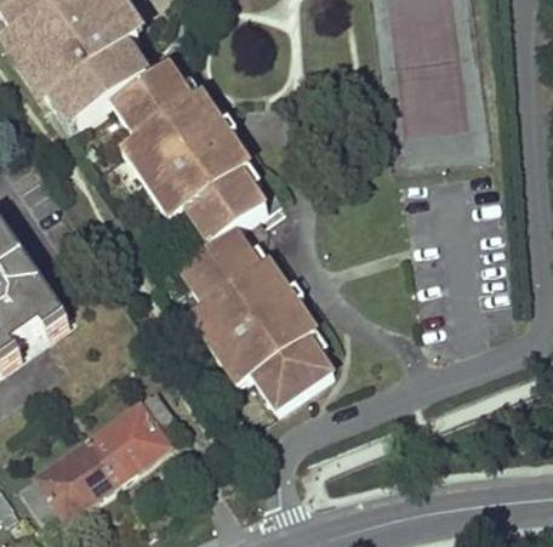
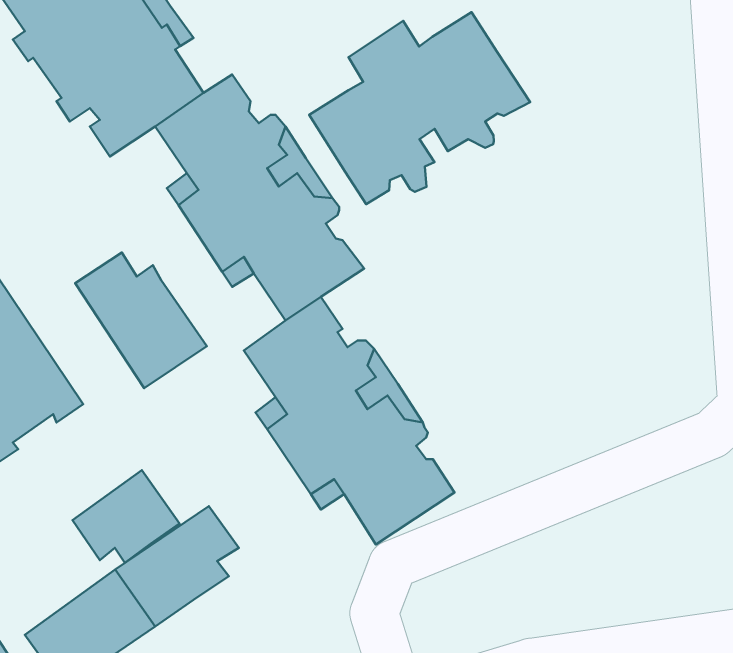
building: none -> [309,12,530,204]
building: none -> [75,253,207,388]
building: none -> [73,470,179,563]

